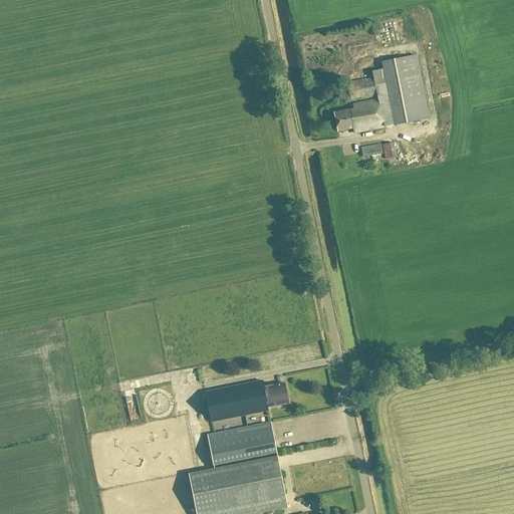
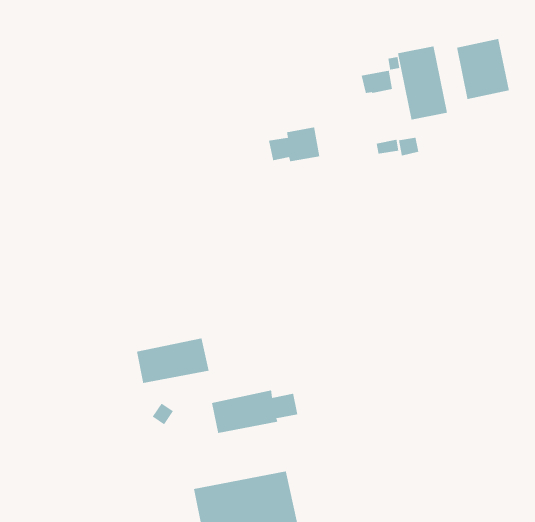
building: none -> [456,38,509,100]
building: [333,98,382,132] -> [268,127,320,162]
building: [207,422,276,465] -> [136,338,209,383]

